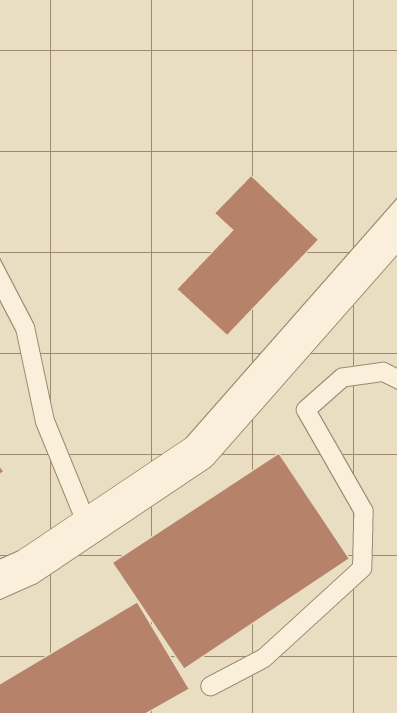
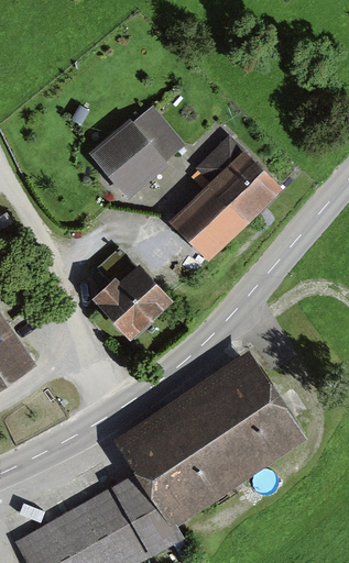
building: none -> [92,108,182,195]
building: none -> [94,263,173,342]

